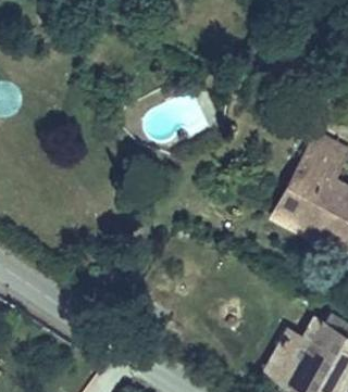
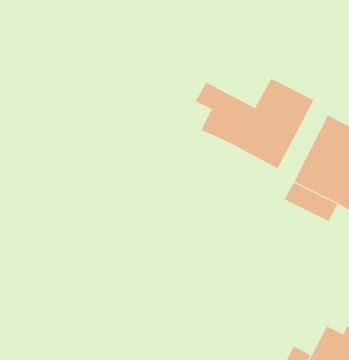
building: none -> [195,78,314,169]

